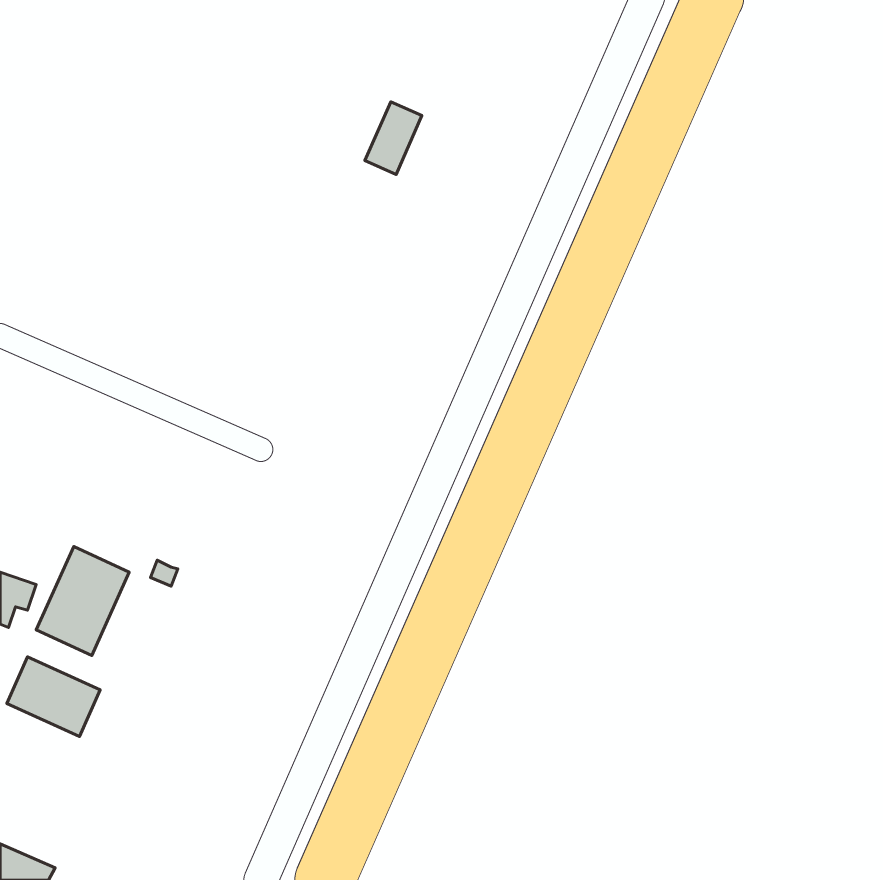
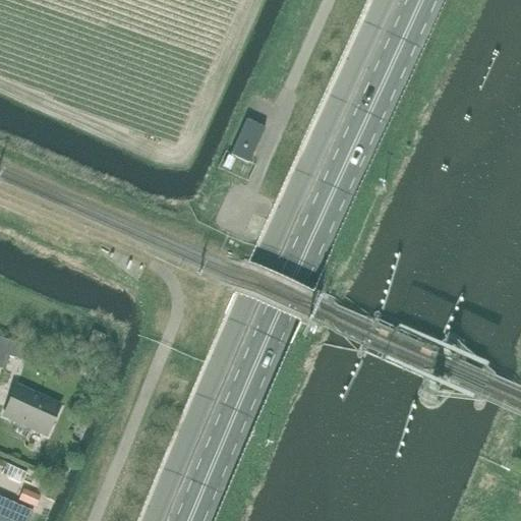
building: [365,102,422,174] -> [231,118,265,161]
building: [36,547,129,655] -> none

